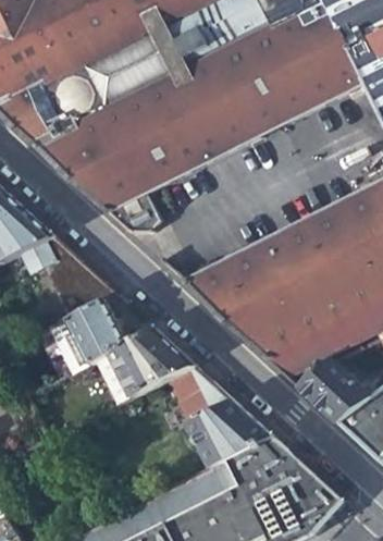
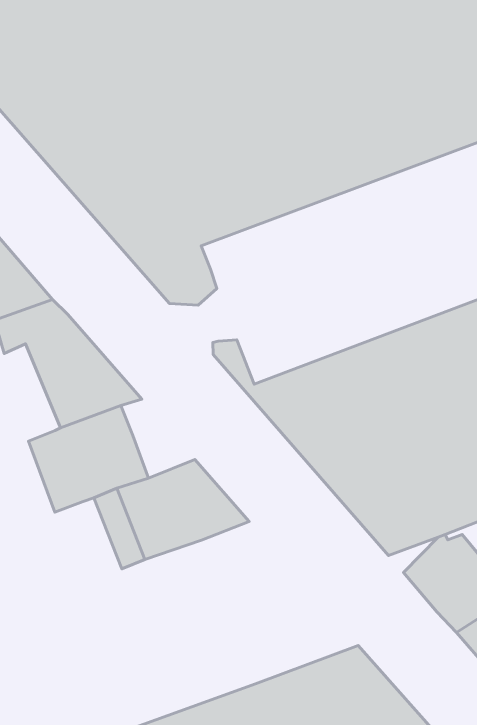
building: [169,366,276,469] -> none

